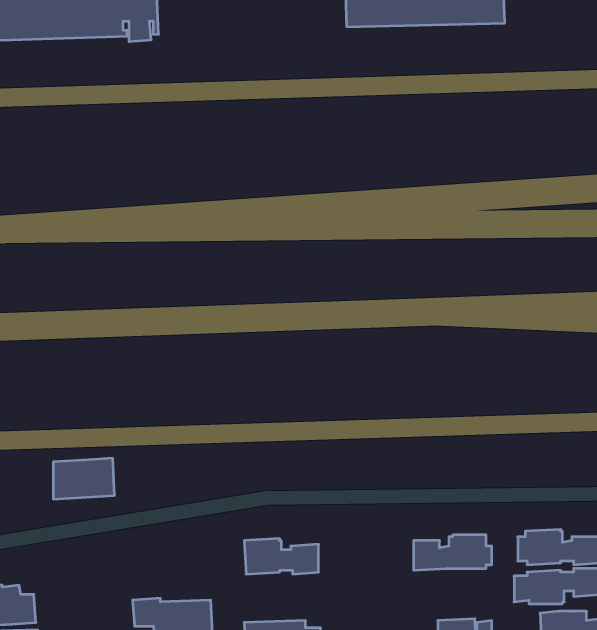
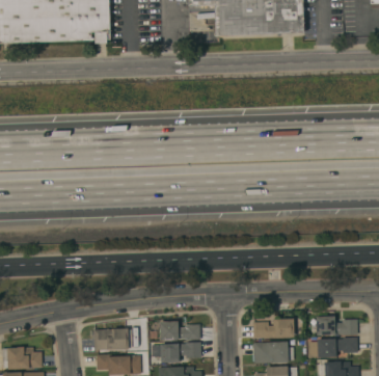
building: [53,458,115,499] -> [94,328,129,351]
building: none -> [152,342,201,362]
building: none -> [253,342,294,364]

